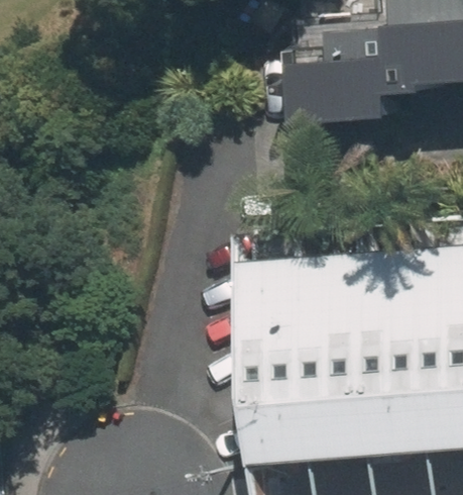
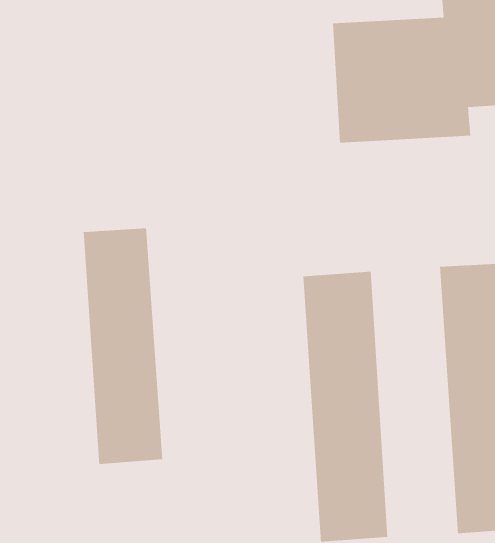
building: none -> [83,228,163,465]
building: [325,234,397,465] -> none

